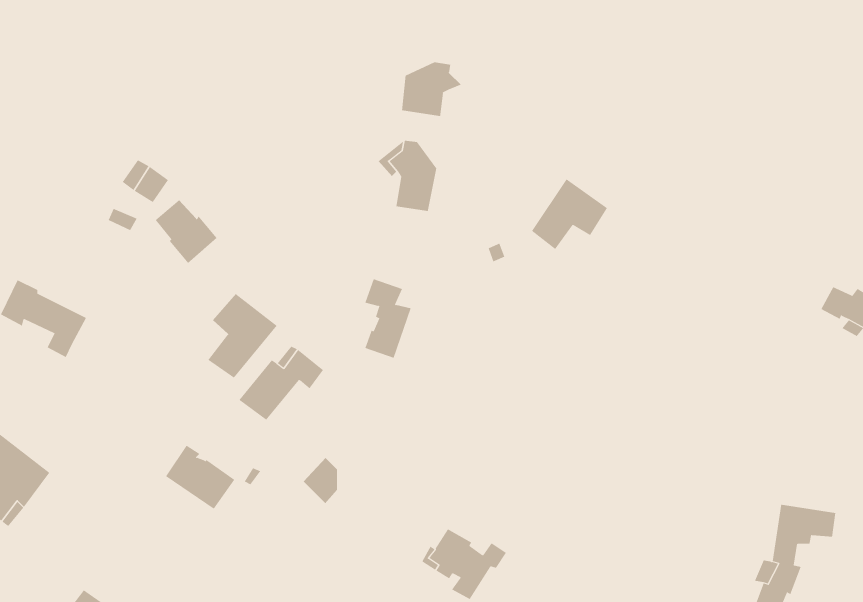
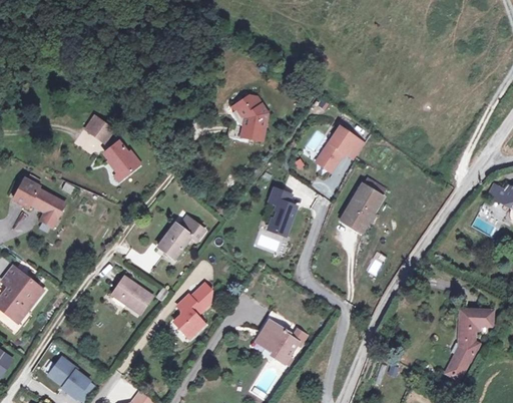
building: [402,61,462,117] -> none
building: none -> [340,177,385,229]
building: [365,278,412,359] -> [269,191,296,238]
building: [207,293,278,379] -> none
building: none -> [173,294,204,333]

